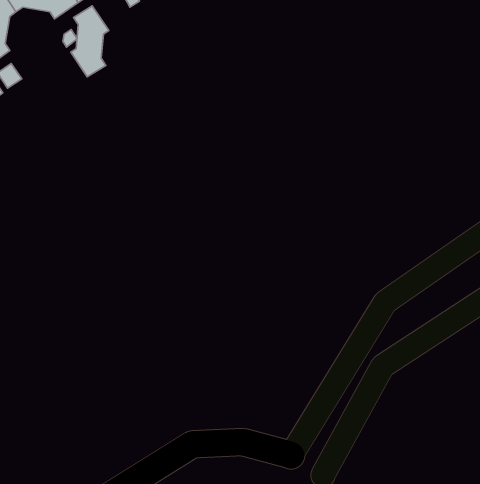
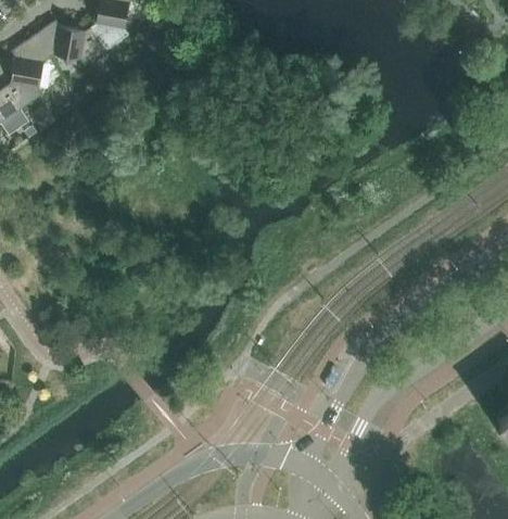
building: [71,6,109,77] -> none

